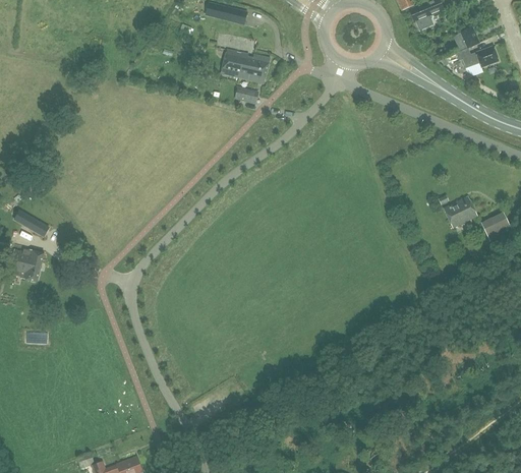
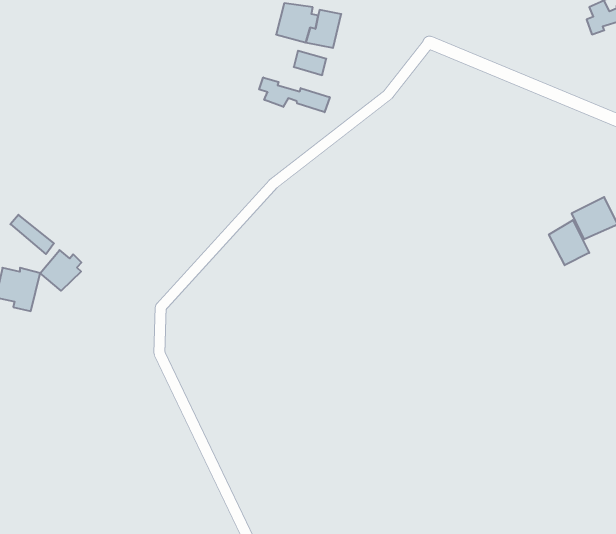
building: none -> [259,77,330,112]
building: none -> [549,220,589,265]
building: none -> [40,250,81,291]

